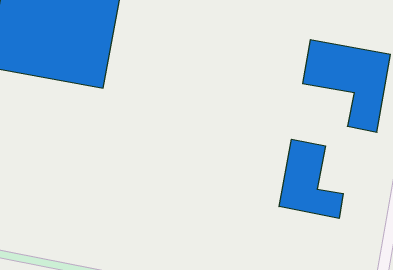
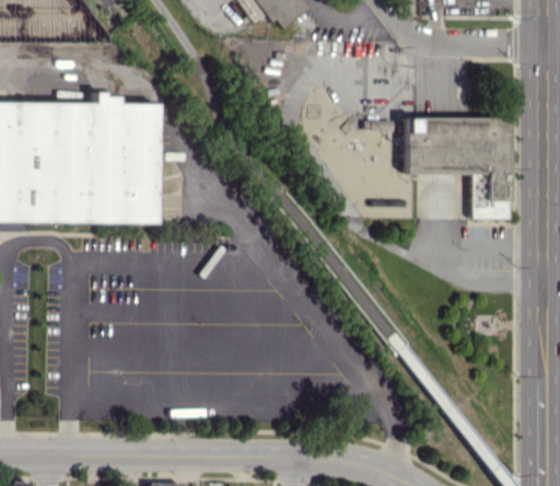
building: [279,139,343,218] -> none

